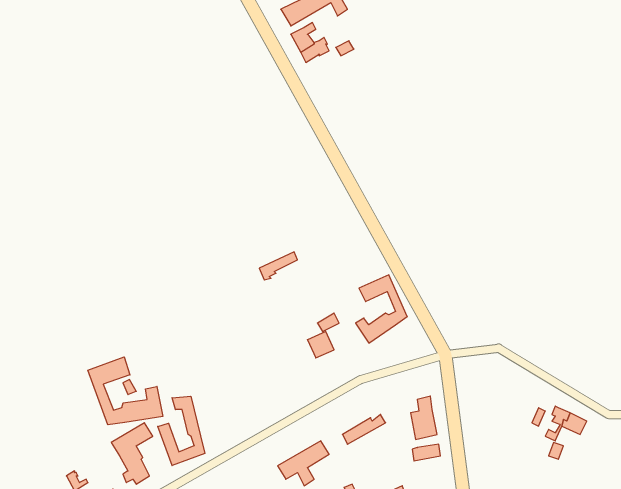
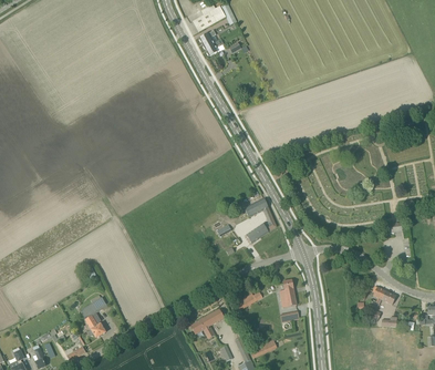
building: [88,357,163,425] -> none
building: [158,396,205,466] -> none

